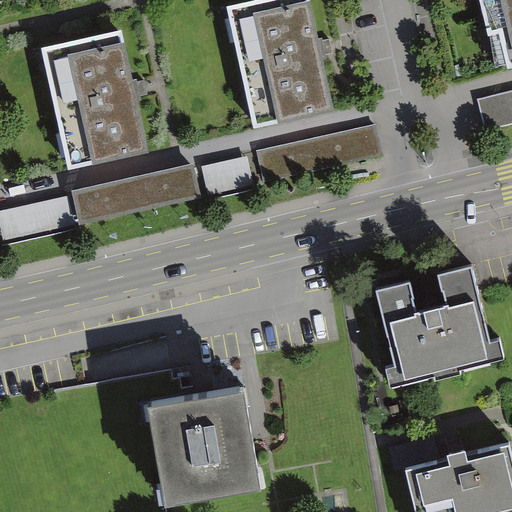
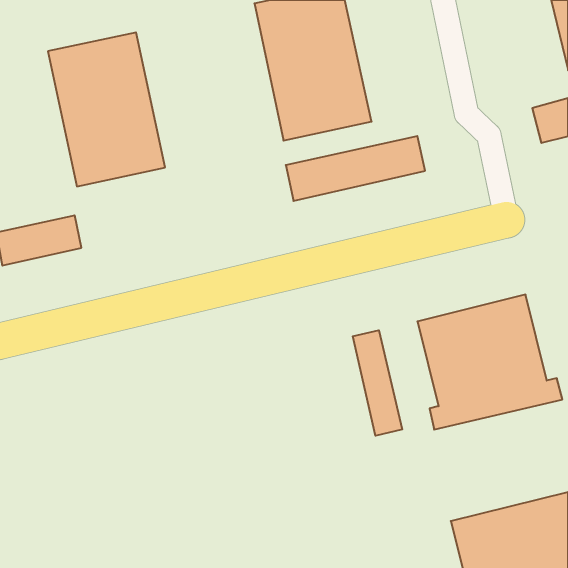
building: [201,155,252,195] -> none
building: [71,160,200,221] -> none
building: none -> [353,330,402,436]
building: [146,388,260,504] -> none

